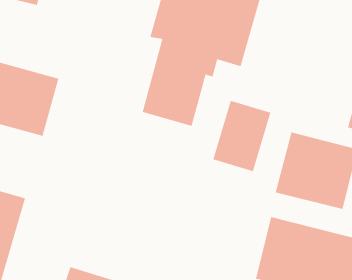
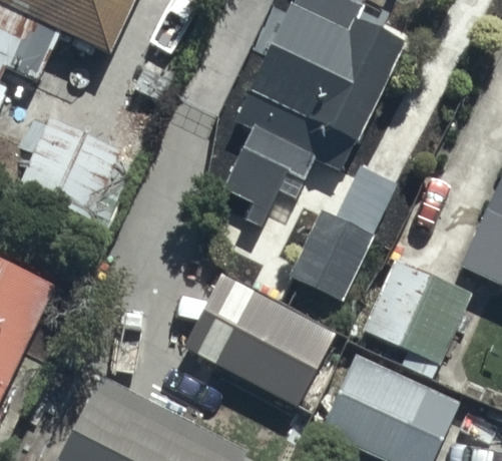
building: none -> [223,292,347,409]

